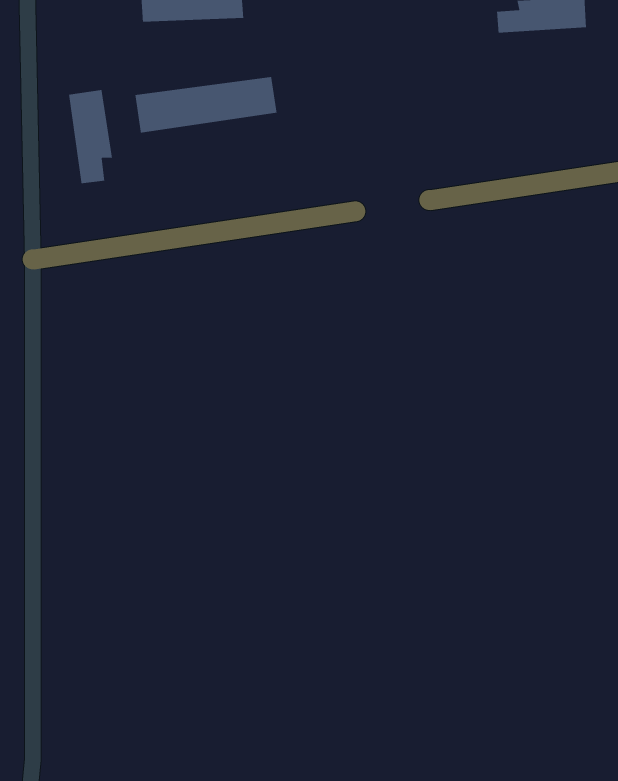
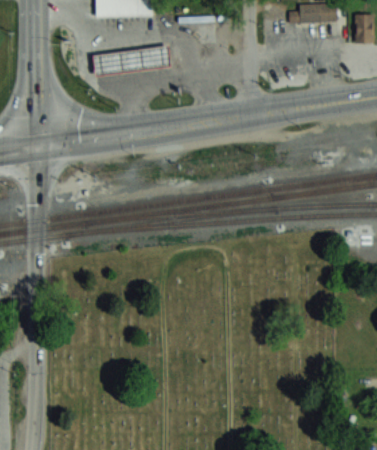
building: [68,89,113,184] -> none

